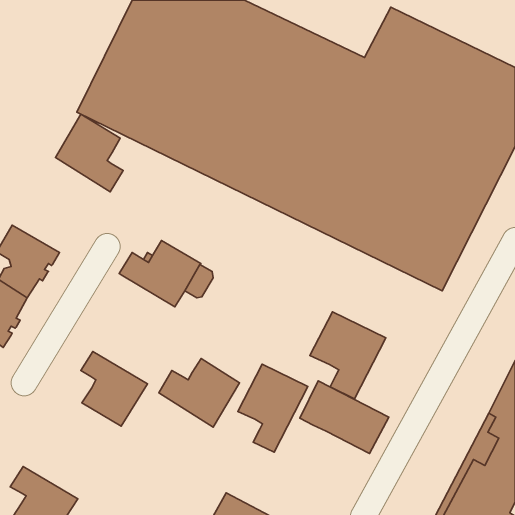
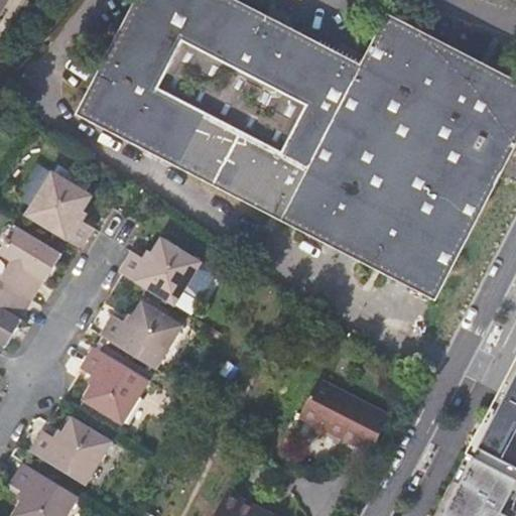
building: [56,114,123,192] -> [24,171,92,249]
building: [310,312,386,399] -> none
building: [159,359,240,427] -> [100,304,180,373]
building: [238,364,308,452] -> none
building: none -> [30,420,111,487]

